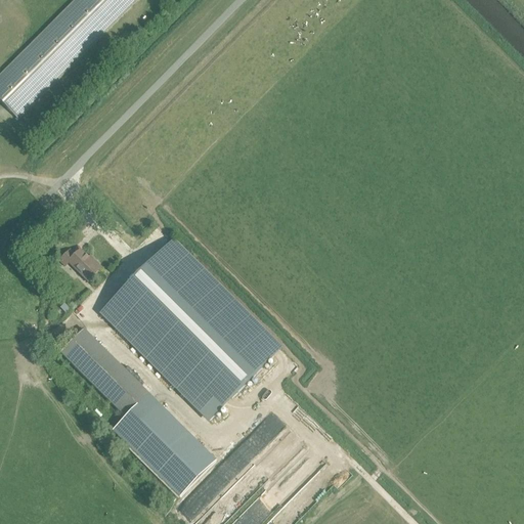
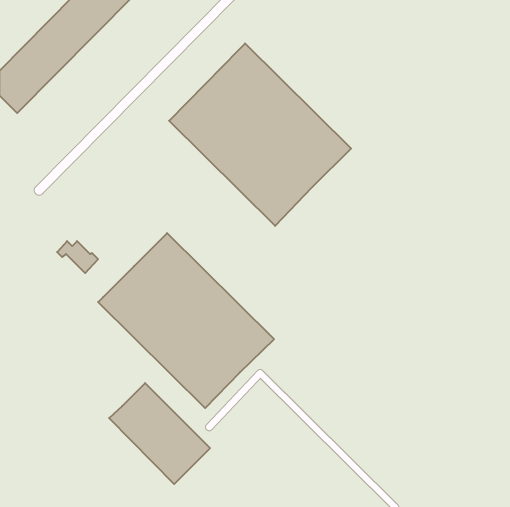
building: none -> [169,43,351,226]
building: [59,326,148,416] -> none

